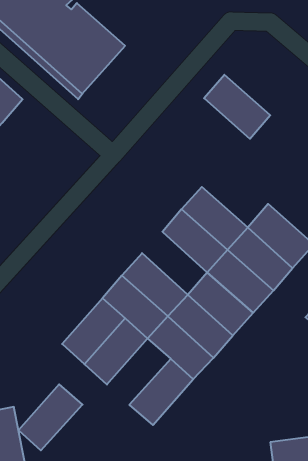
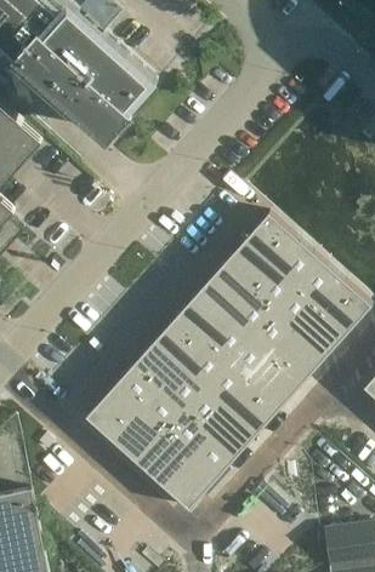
building: [204,75,270,139] -> [245,213,320,286]
building: none -> [177,291,251,362]
building: [19,384,83,450] -> [137,412,210,487]

